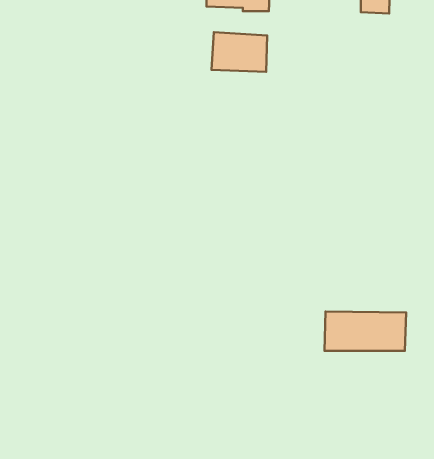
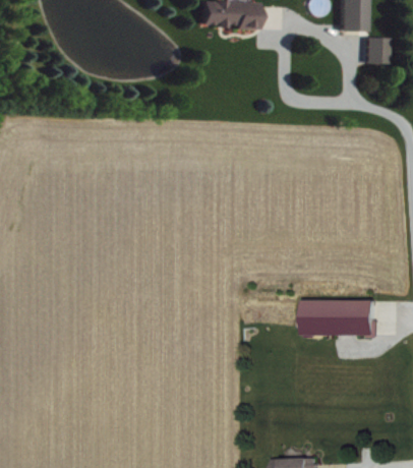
building: none -> [364,37,388,64]
building: [212,32,267,72] -> none

